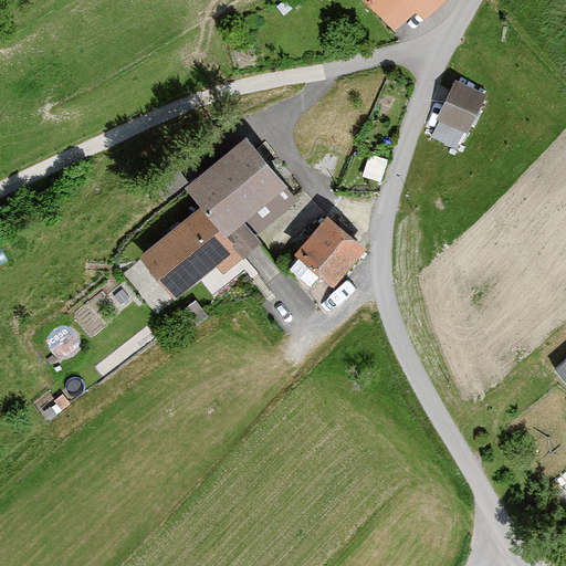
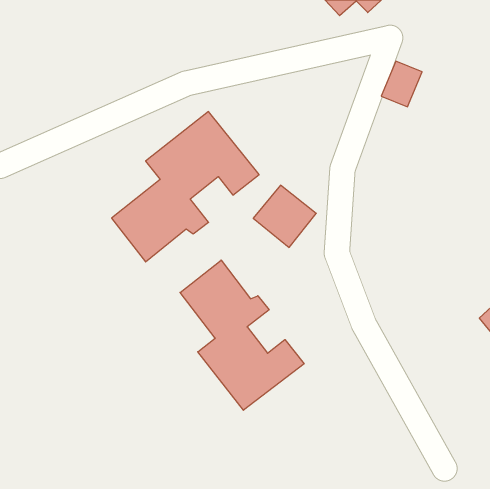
building: none -> [180,260,304,410]

